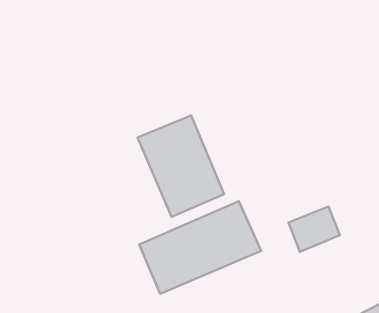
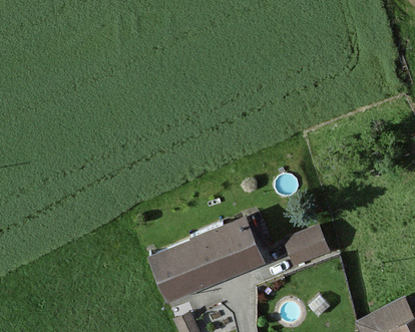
building: [138,116,224,217] -> none

